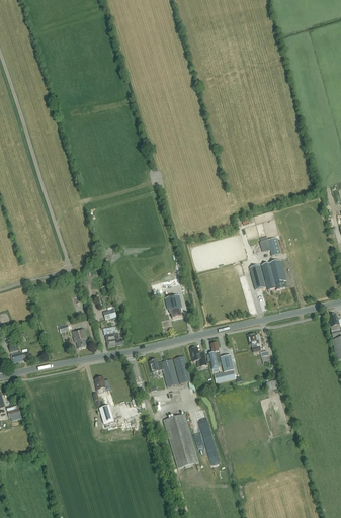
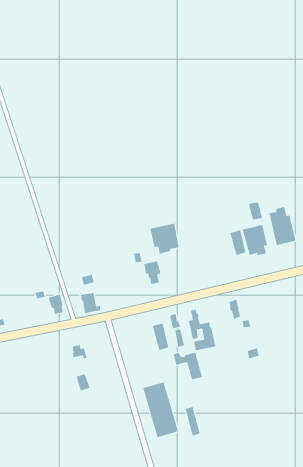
building: none -> [269,206,296,246]
building: none -> [150,223,179,254]
building: [149,358,178,385] -> [173,352,203,380]

